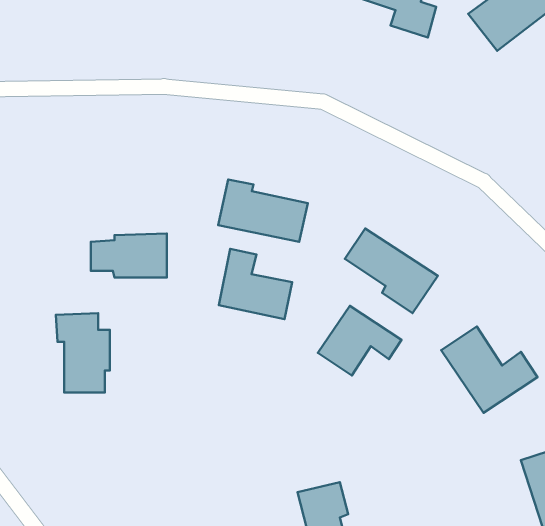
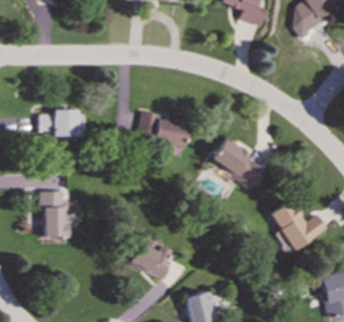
building: [91,233,167,277] -> [39,110,84,136]
building: [219,249,292,319] -> none
building: [318,306,402,375] -> none
building: none -> [126,242,171,279]

